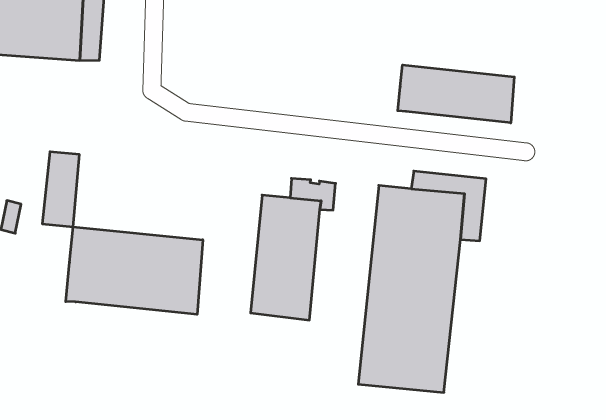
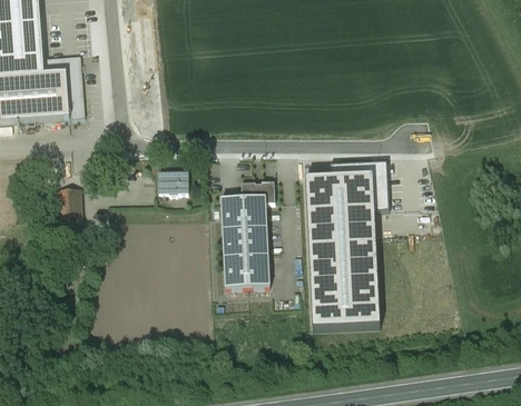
building: [398,65,514,123] -> none
building: none -> [159,169,189,192]
building: [66,227,203,314] -> none

